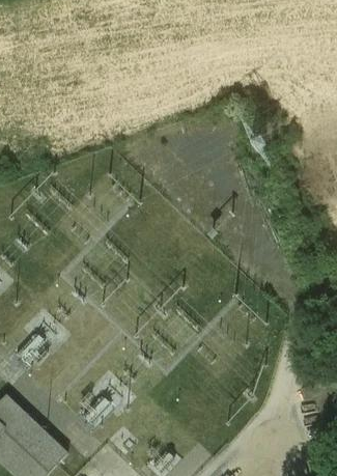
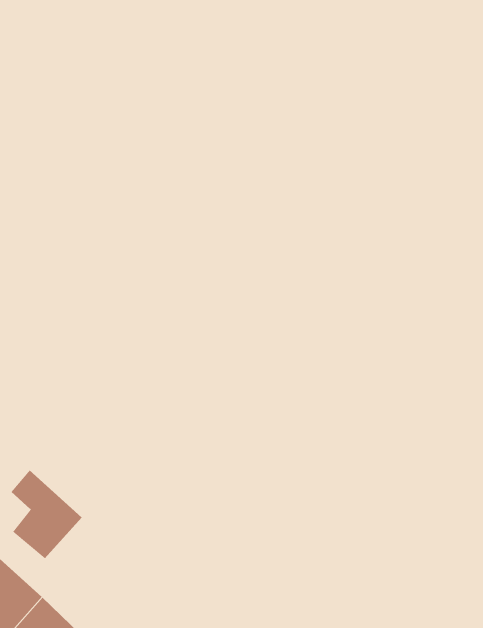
building: none -> [10,469,83,559]

